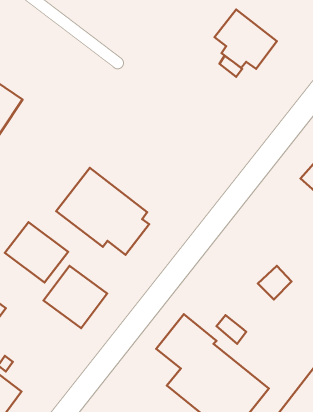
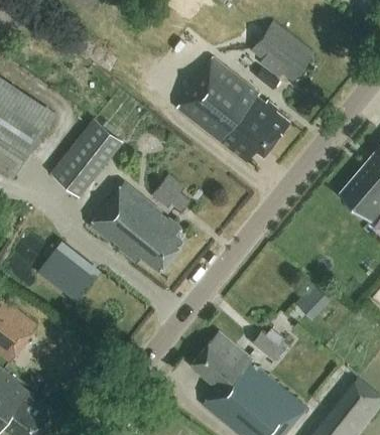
building: none -> [175,59,289,162]
building: none -> [54,124,120,194]
building: none -> [149,174,191,211]
building: [43,266,107,328] -> none

